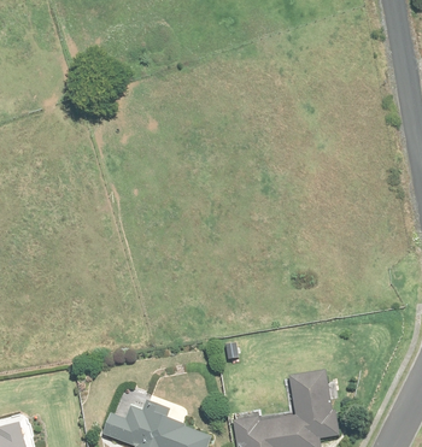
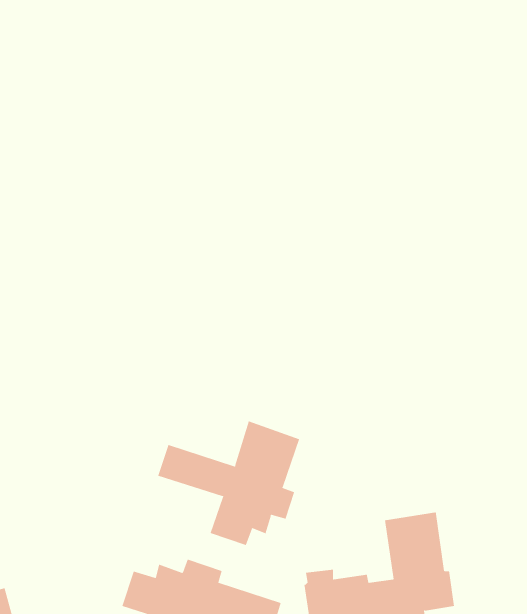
building: none -> [158,420,300,546]

